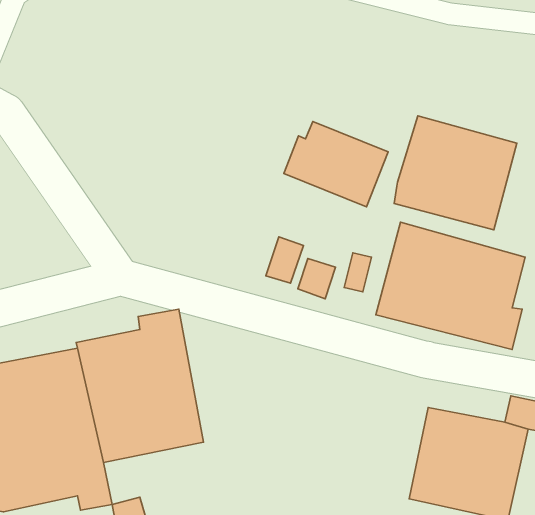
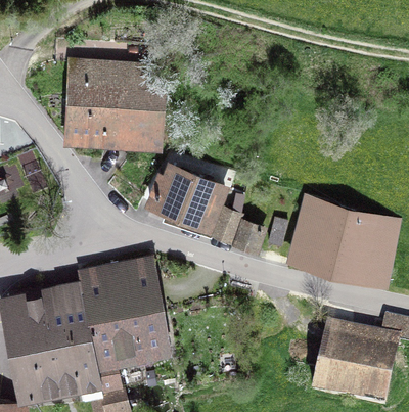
building: none -> [63,61,164,146]
building: [394,116,517,230] -> none
building: [284,121,388,207] -> [148,166,222,226]

